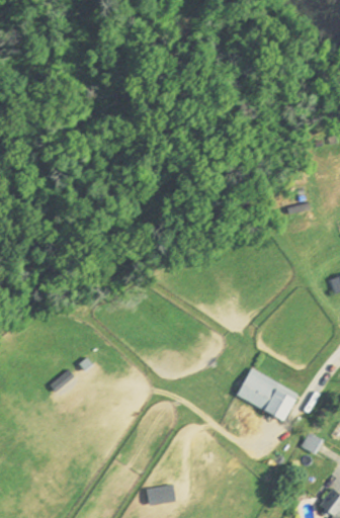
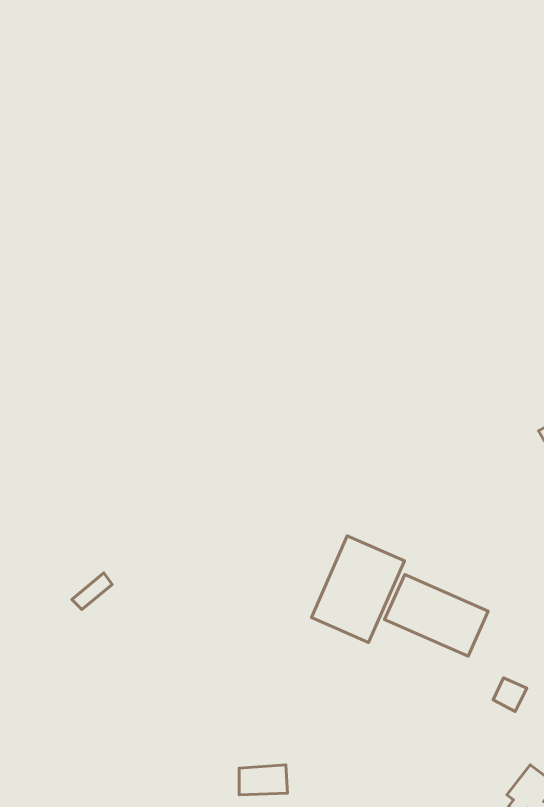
building: none -> [311,536,405,642]

